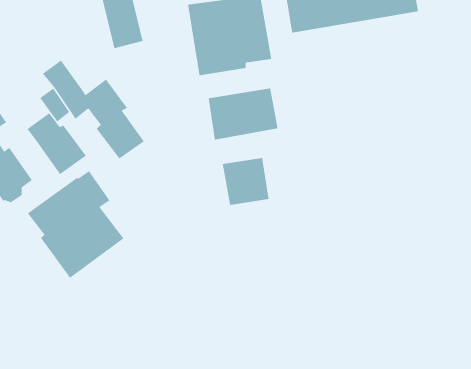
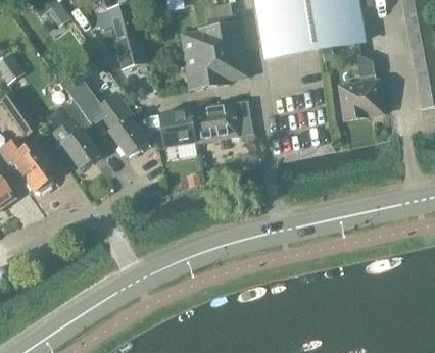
building: none -> [338,55,382,119]
building: [222,157,269,206] -> [163,107,201,146]
building: [27,170,124,279] -> none

